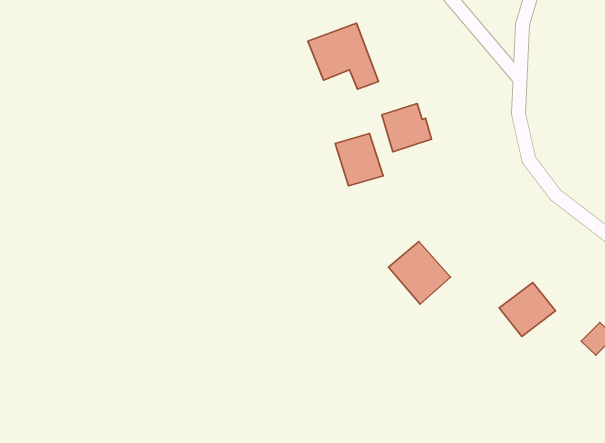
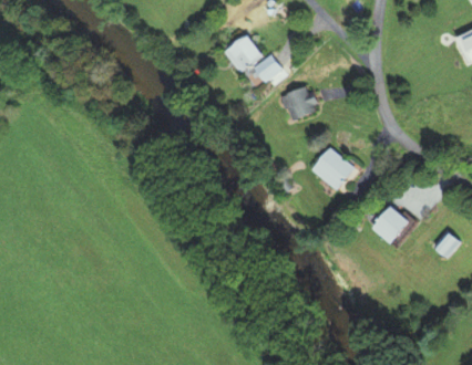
building: [335,133,383,186] -> none
building: [389,242,451,304] -> [311,148,356,192]

